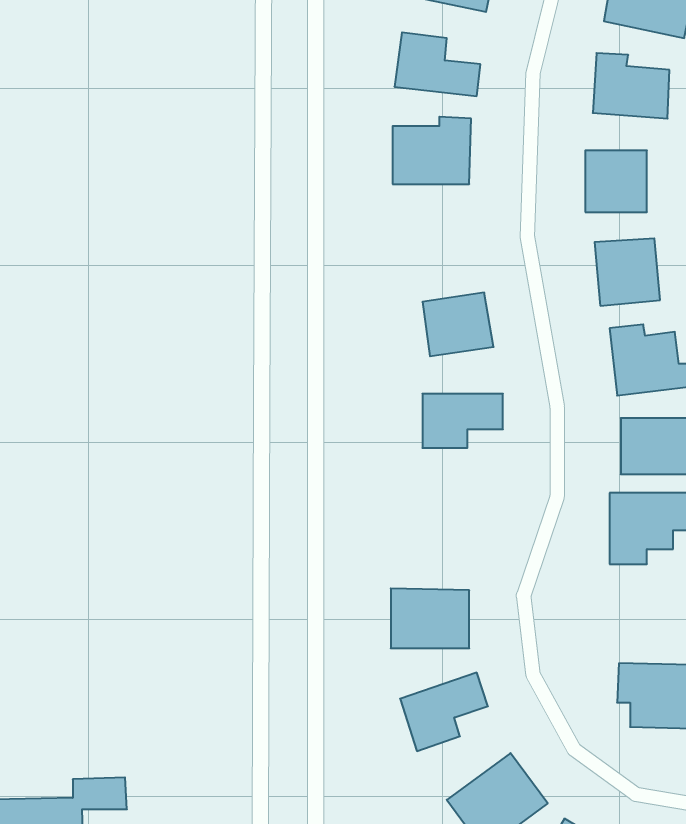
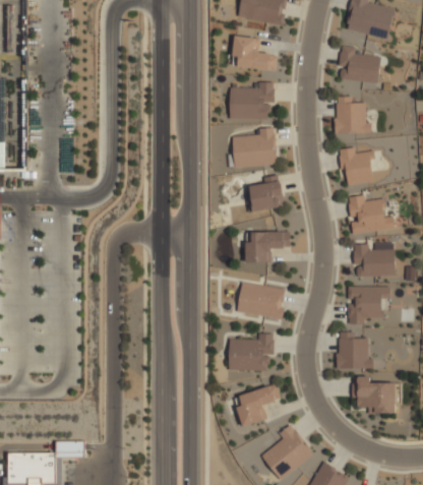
building: none -> [232,127,277,167]
building: none -> [237,282,287,319]
building: none -> [337,335,371,370]

